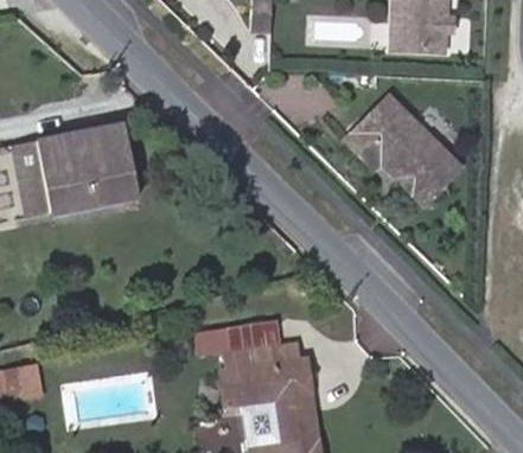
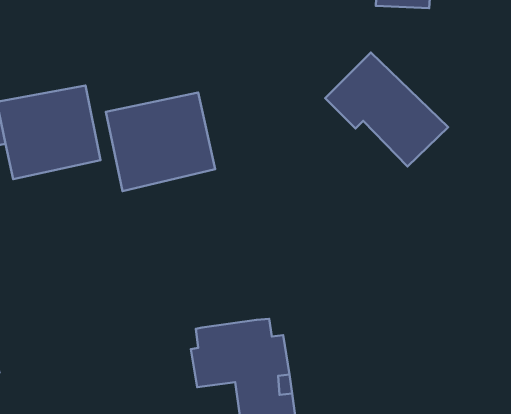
building: none -> [106,93,215,191]
building: [227,320,281,351] -> none

